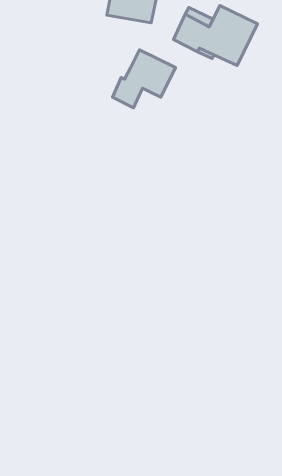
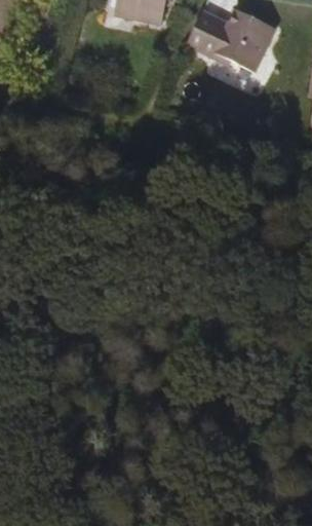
building: [112,50,175,108] -> none

